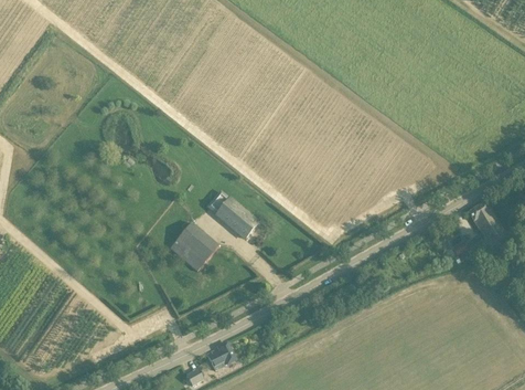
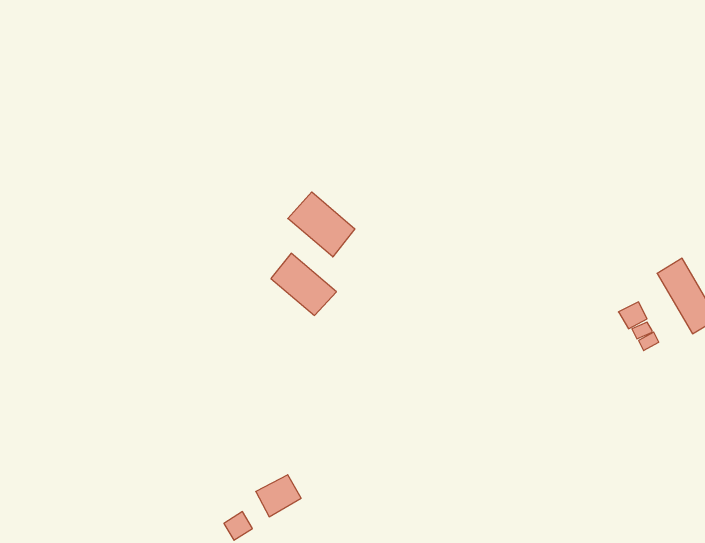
building: none -> [288,192,355,257]
building: [169,222,217,272] -> none

